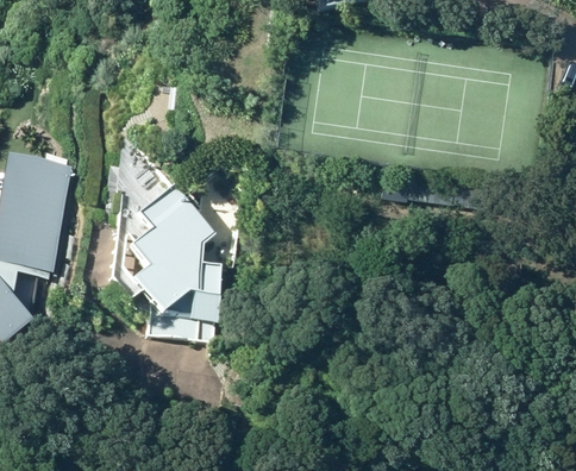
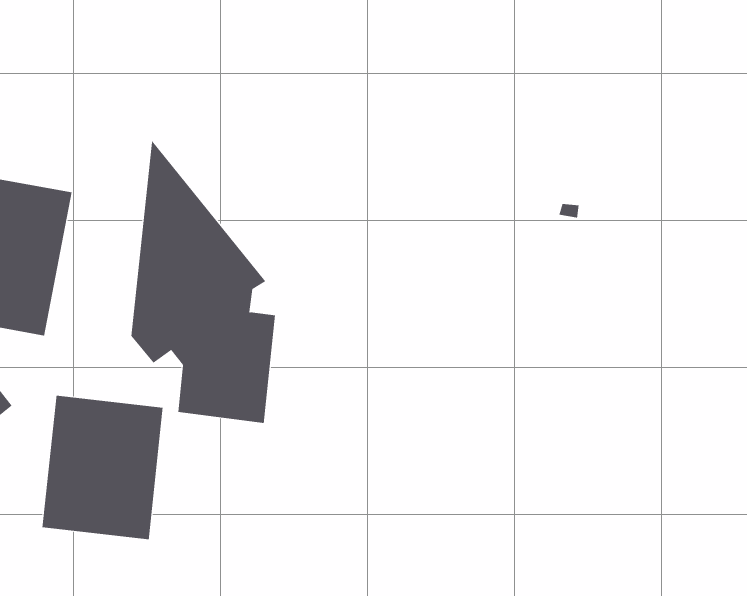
building: none -> [42,395,163,540]

